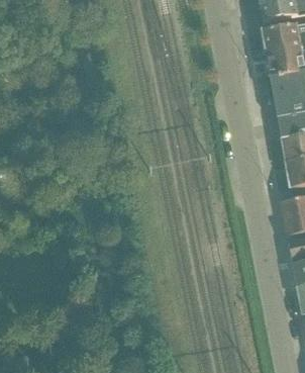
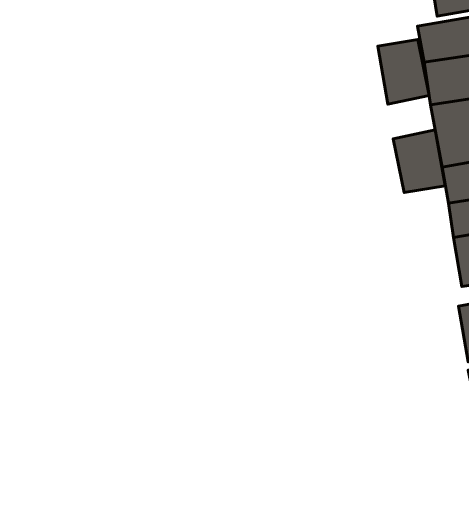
building: none -> [378,40,429,104]
building: none -> [393,130,445,193]

